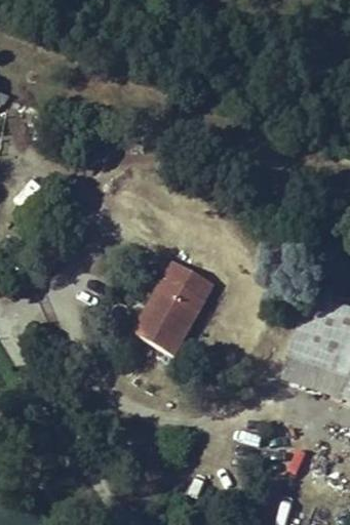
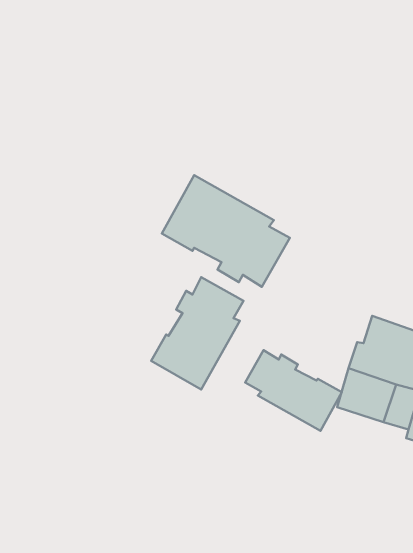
building: none -> [162,175,290,287]
building: none -> [245,350,342,431]

